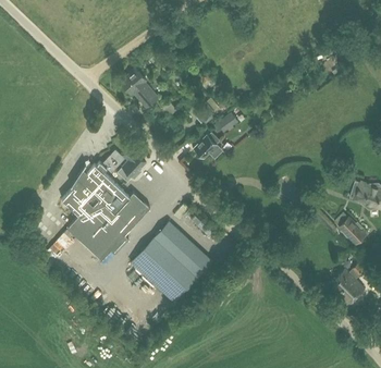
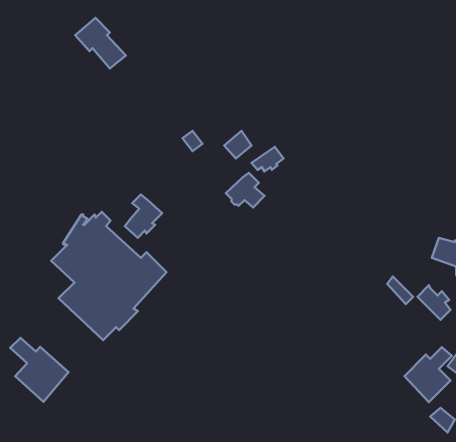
building: [120,69,158,107] -> [75,18,126,68]
building: [134,222,210,298] -> none
building: none -> [10,338,68,402]

